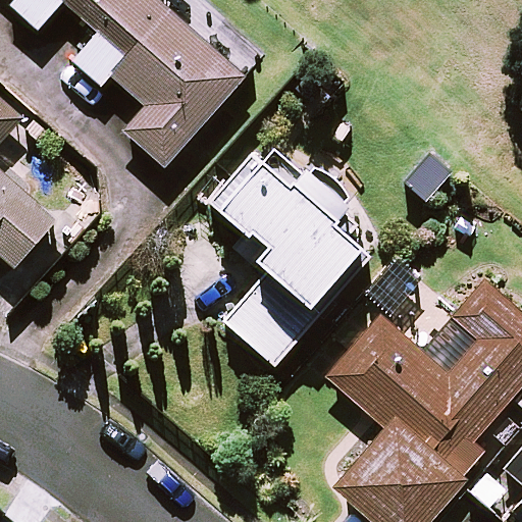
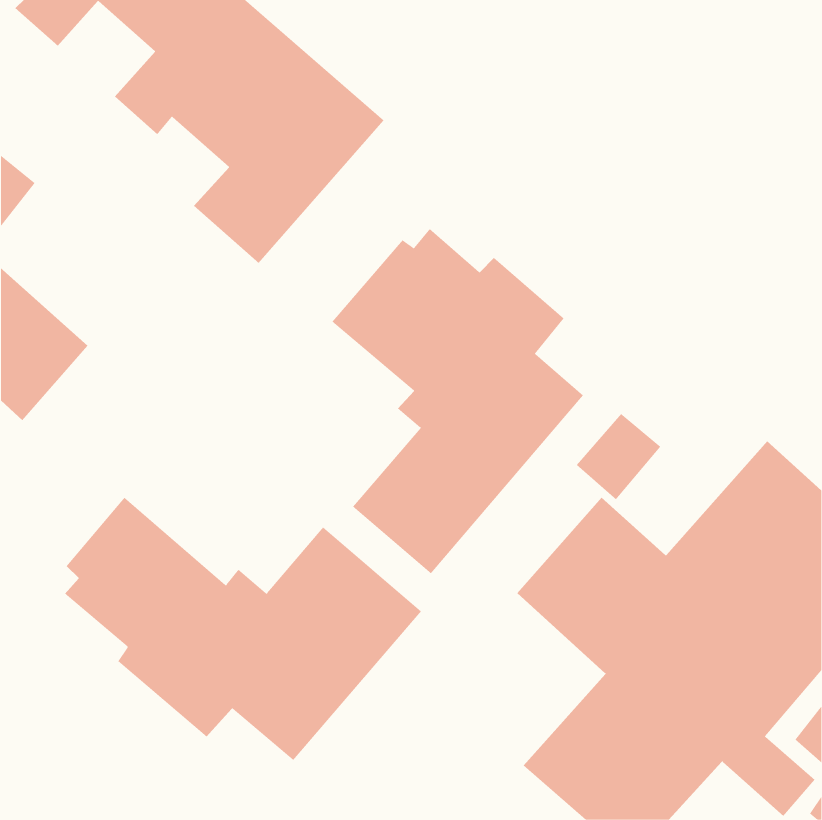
building: none -> [64,497,422,761]

